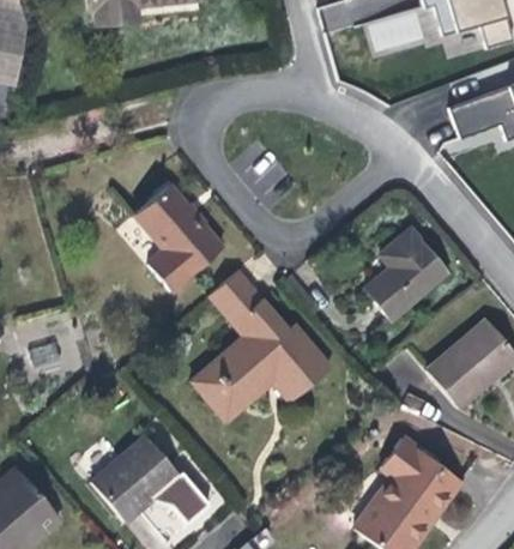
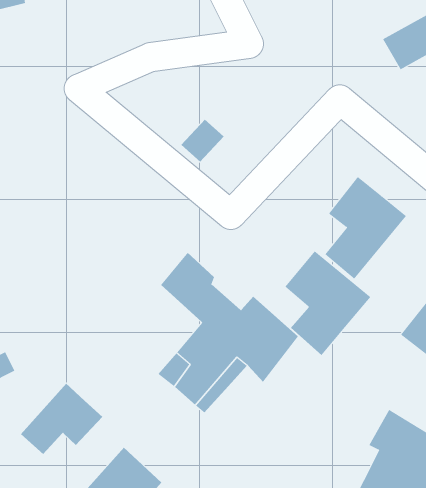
building: [135,187,220,291] -> none
building: none -> [285,250,371,356]
building: none -> [20,383,103,455]

